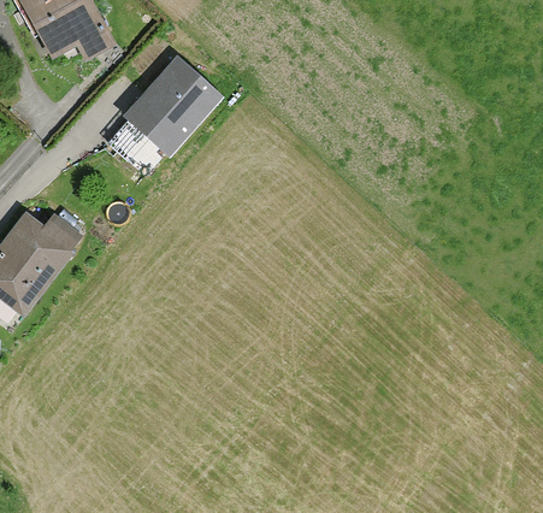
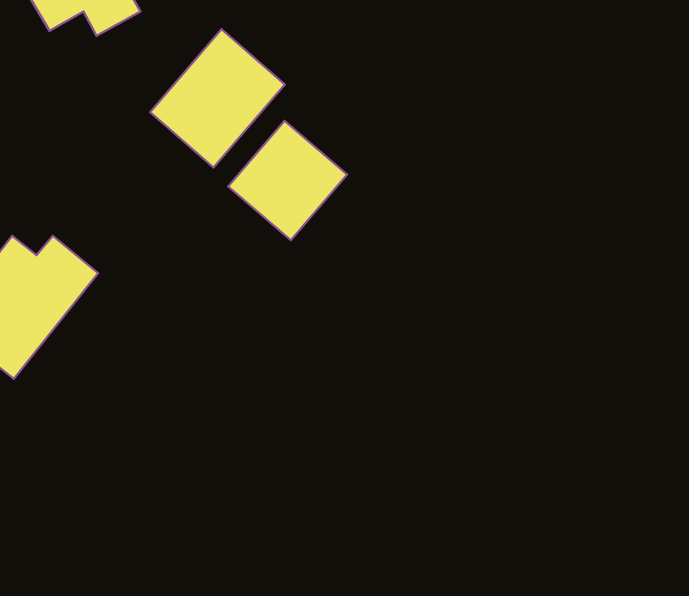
building: none -> [228,121,347,240]

